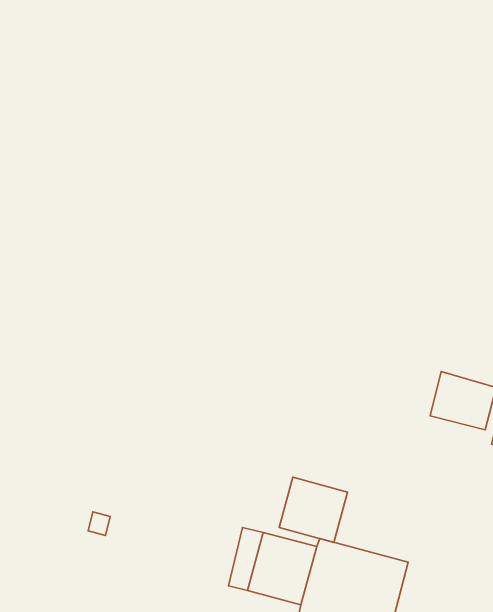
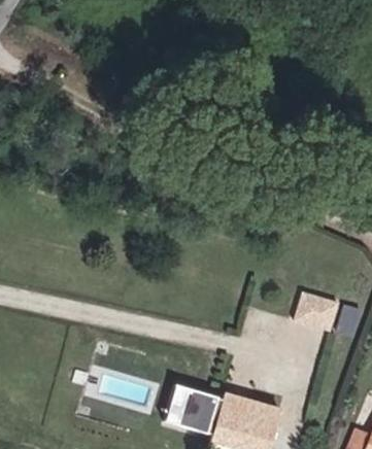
building: [279,477,347,542] -> none

